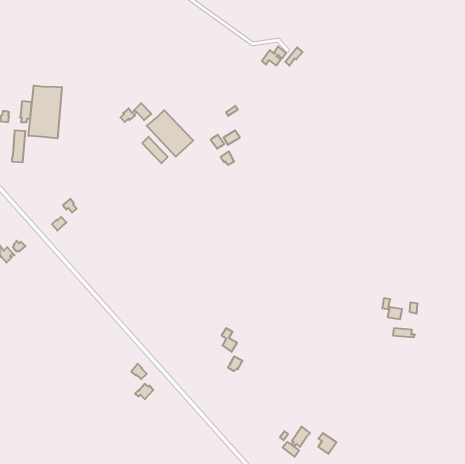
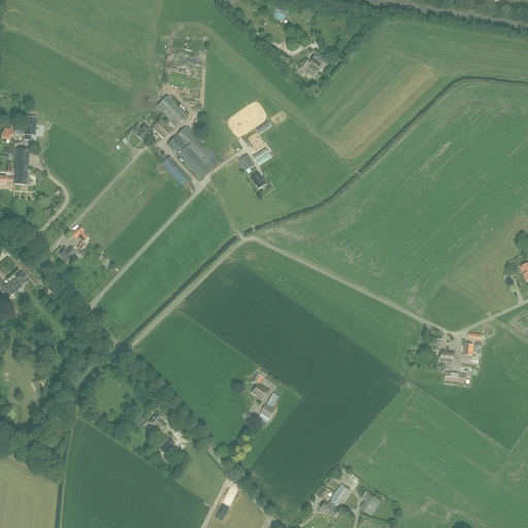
building: none -> [156,94,187,125]
building: [29,85,62,138] -> none

